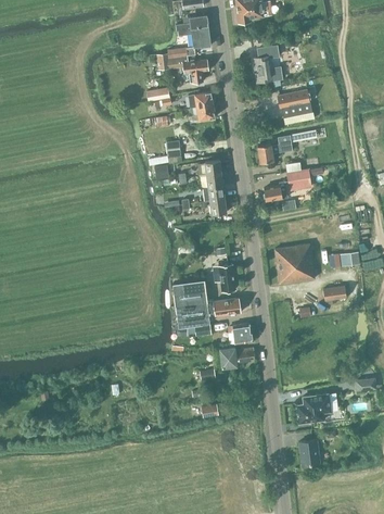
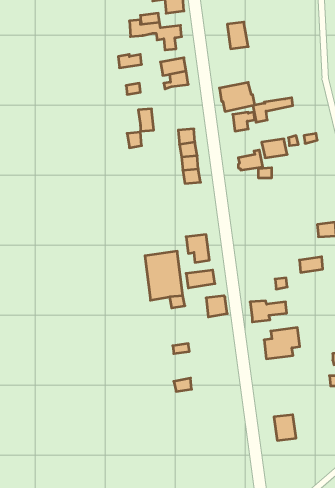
building: [278,89,312,117] -> [219,82,255,111]
building: [274,243,315,283] -> none
building: [219,347,255,367] -> [250,301,287,322]
building: [296,392,331,423] -> [264,328,300,359]

